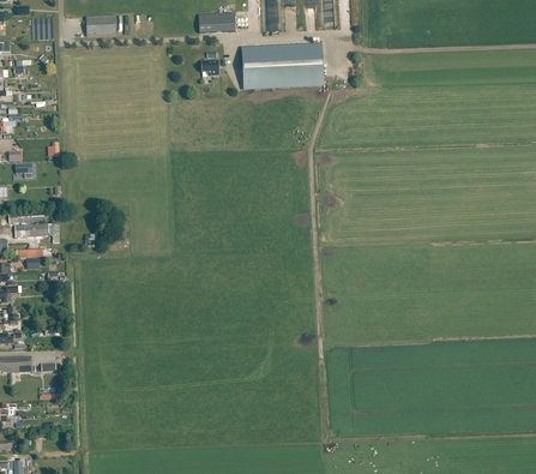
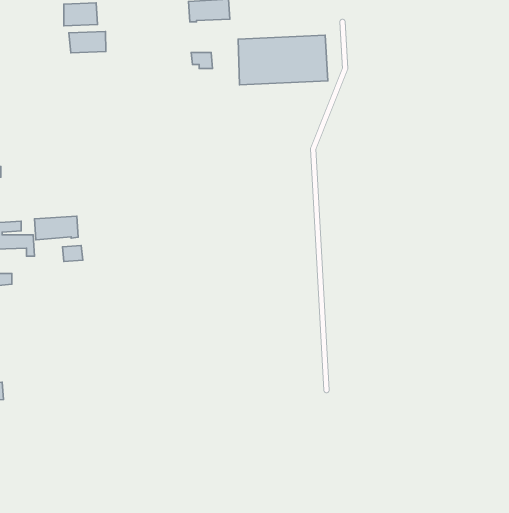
building: none -> [69,31,106,53]
building: none -> [35,216,78,240]

